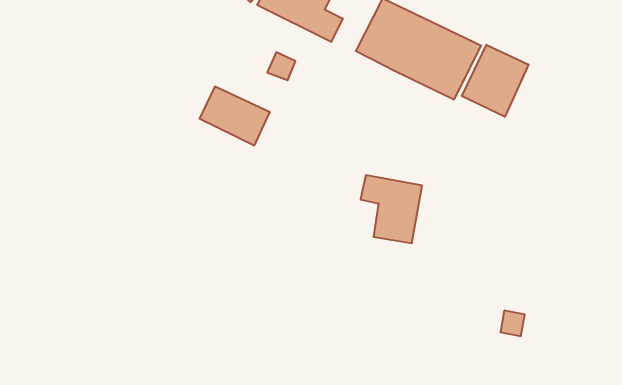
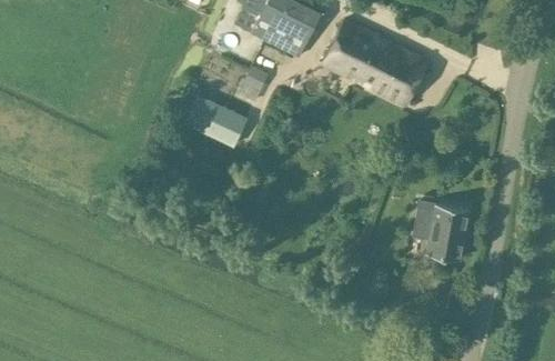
building: [462,45,528,117] -> none
building: [361,175,422,243] -> [416,202,470,261]

